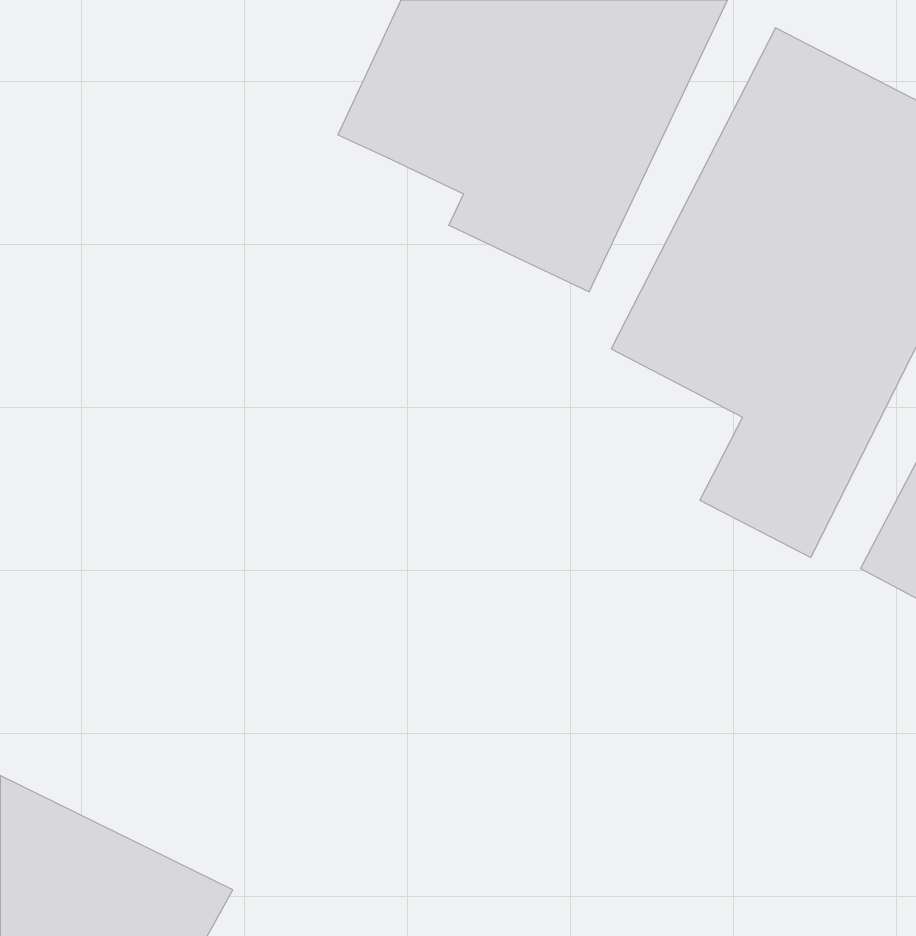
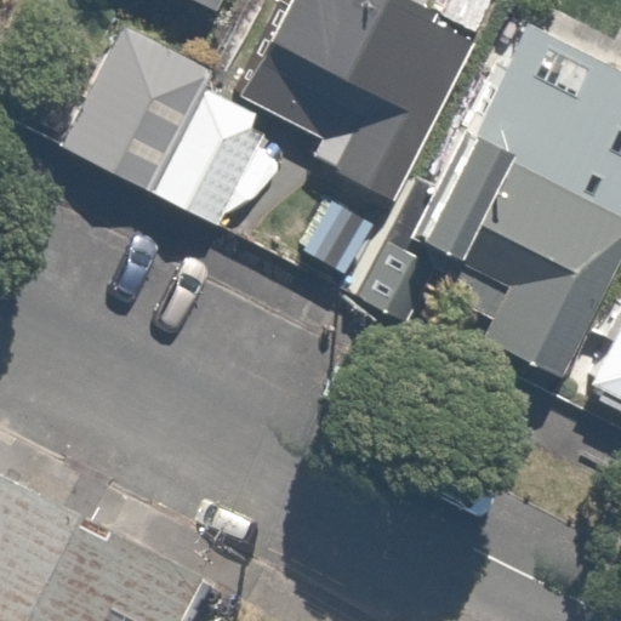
building: none -> [64,17,272,229]

